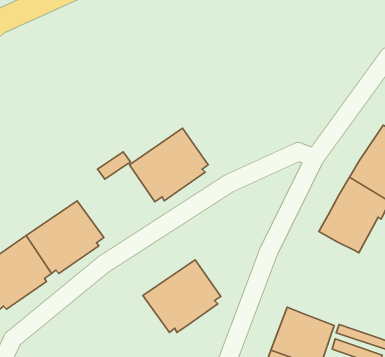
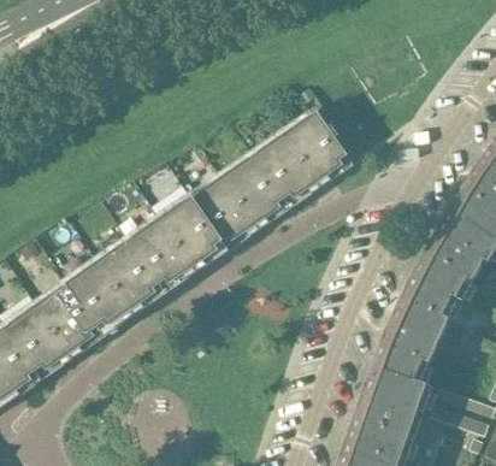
building: none -> [255,112,349,199]
building: none -> [378,277,459,383]
building: [143,260,221,332] -> [131,199,223,284]

